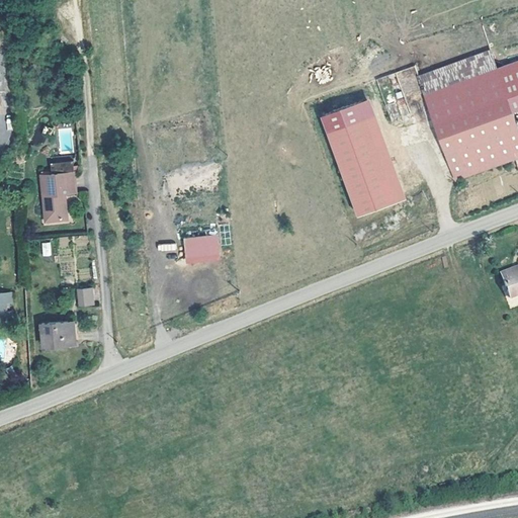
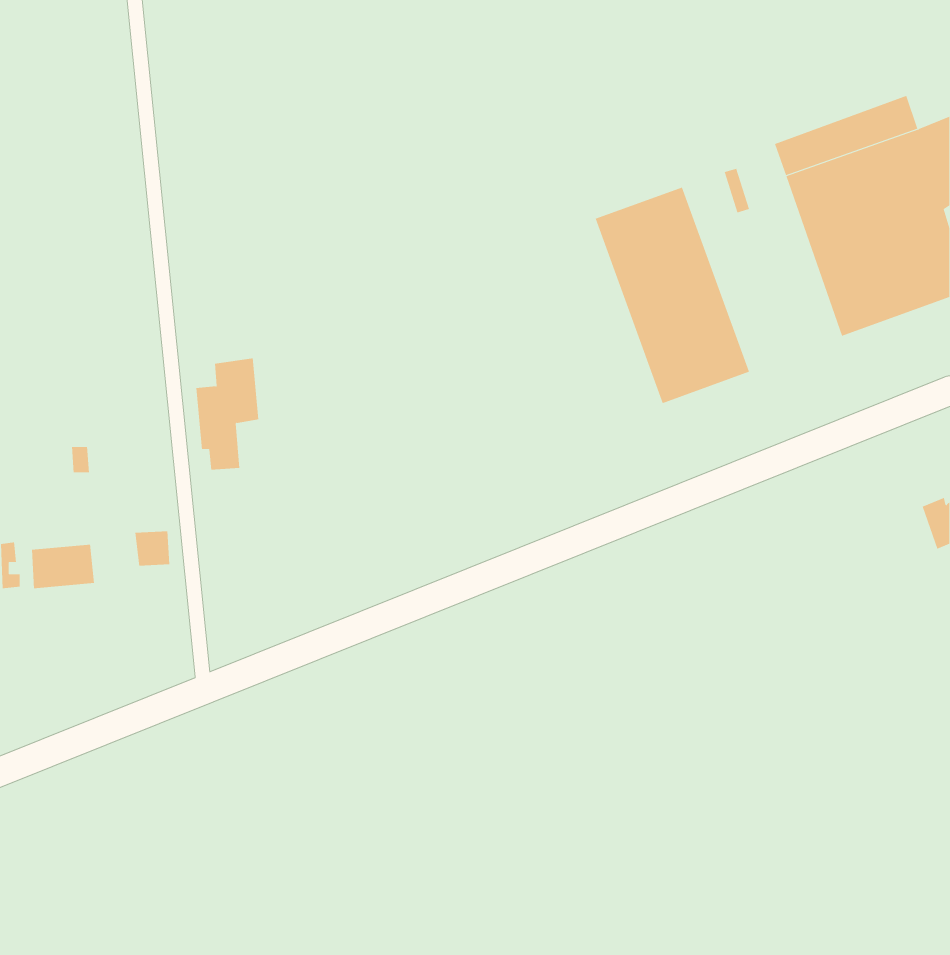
building: [39,160,74,221] -> [195,358,259,470]
building: [188,238,220,259] -> none
building: [41,321,76,345] -> [31,544,95,589]

